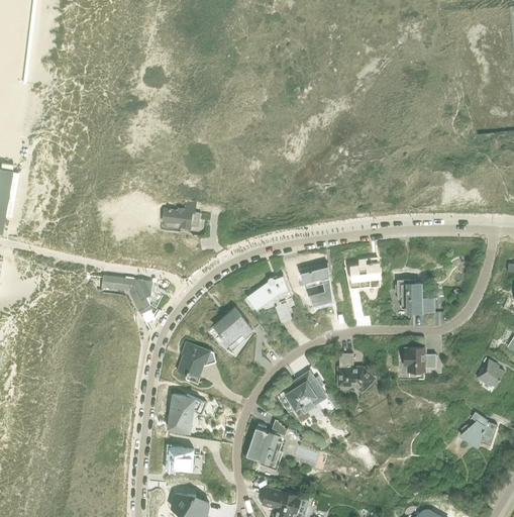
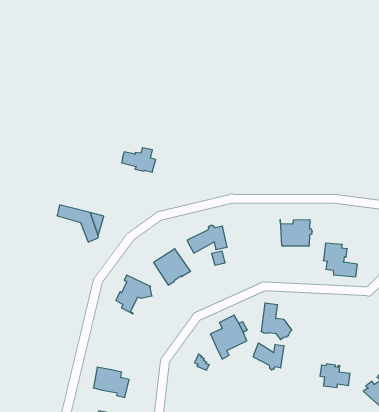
building: [298,261,332,308] -> none
building: [403,347,435,372] -> [320,364,350,388]
building: [166,388,205,439] -> none
building: none -> [253,343,284,370]
building: [244,423,282,470] -> none

